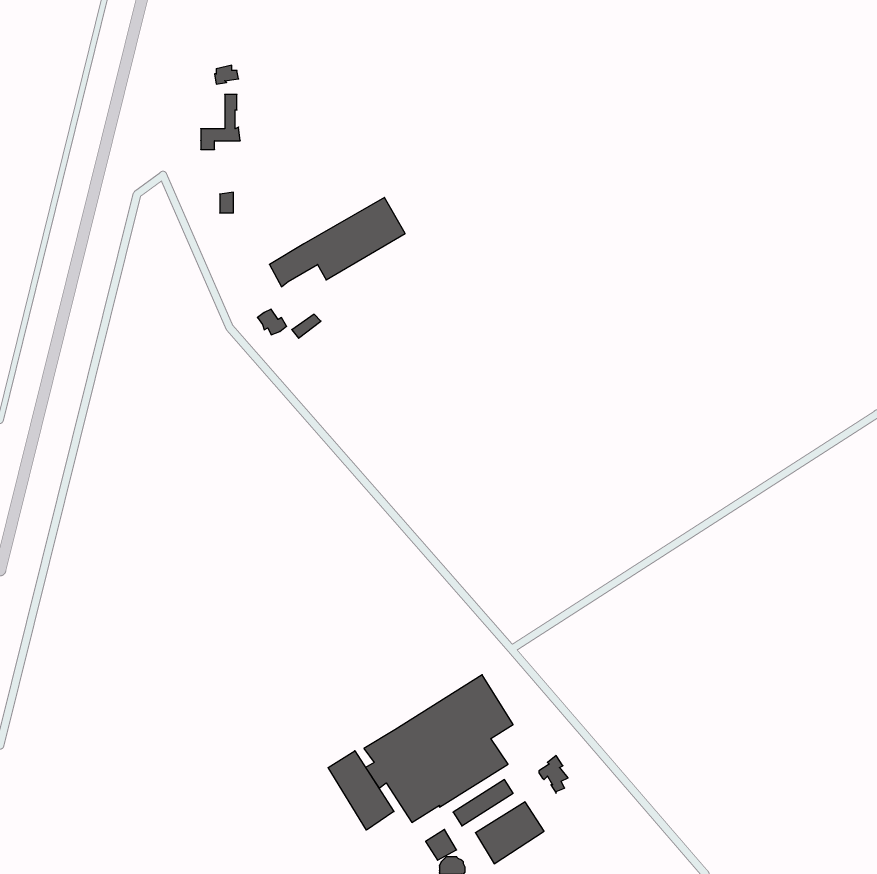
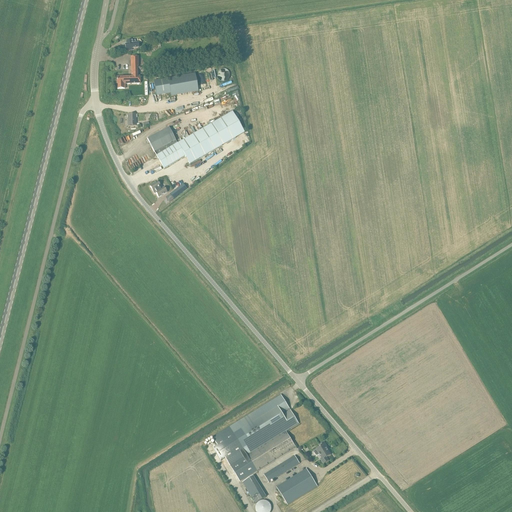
building: none -> [153,72,198,94]
building: none -> [147,126,177,154]
building: [328,751,394,830] -> none

